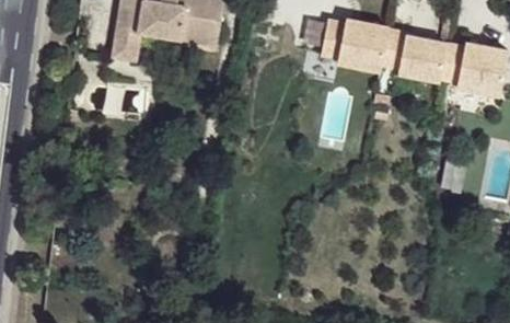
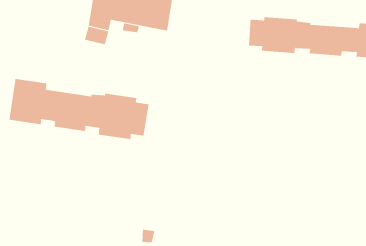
building: none -> [9,78,149,140]

